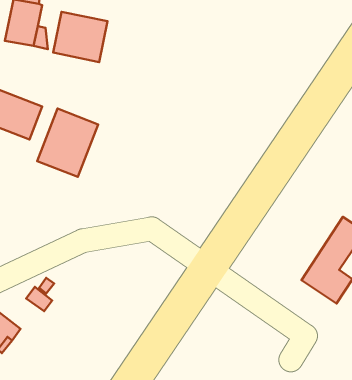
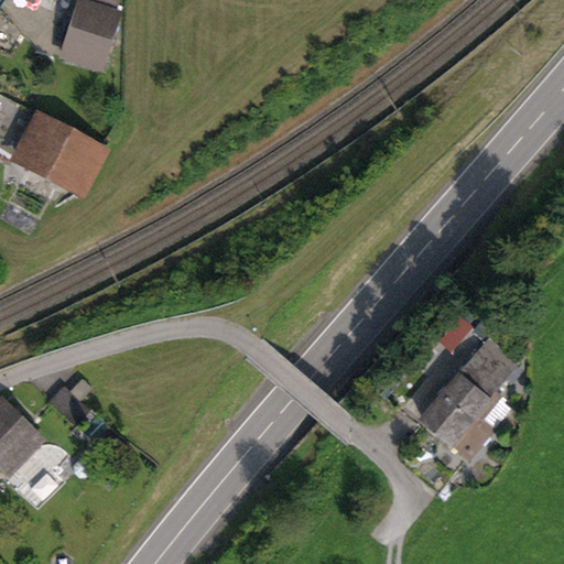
building: [53,12,108,62] -> none
building: [37,109,98,177] -> none

